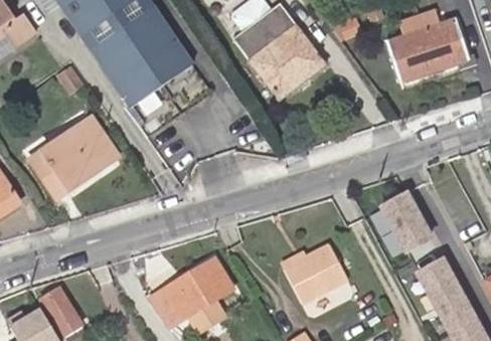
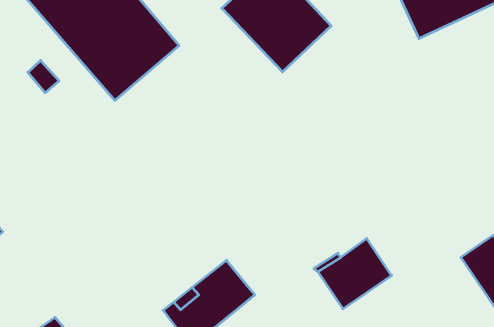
building: [29,120,114,195] -> none
building: [377,190,433,254] -> none

